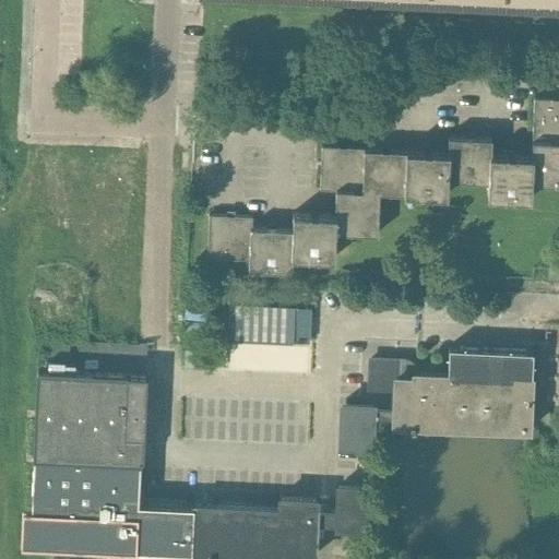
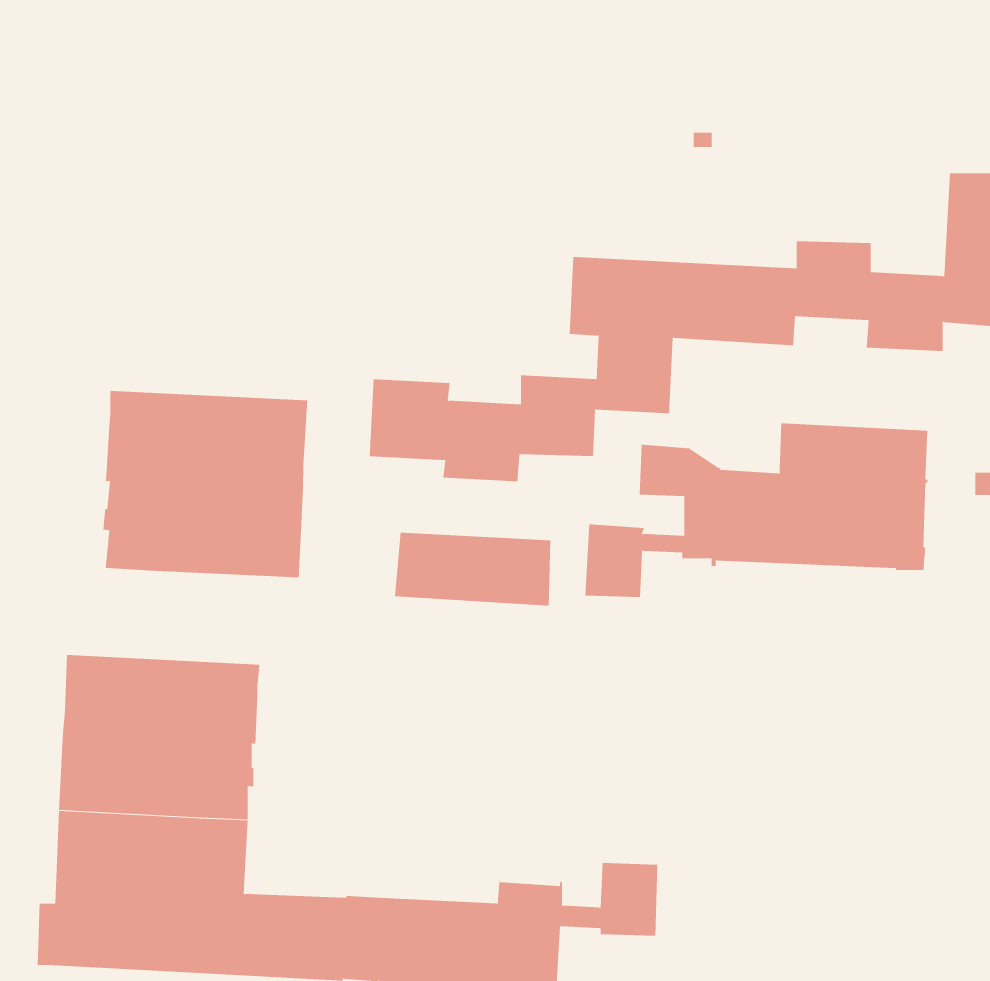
building: none -> [103,390,308,578]
building: [341,352,534,450] -> [585,423,928,598]

